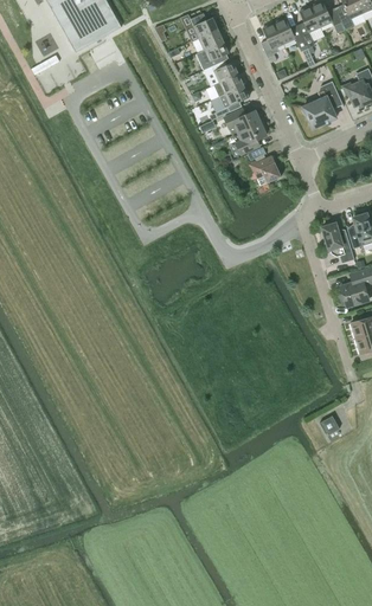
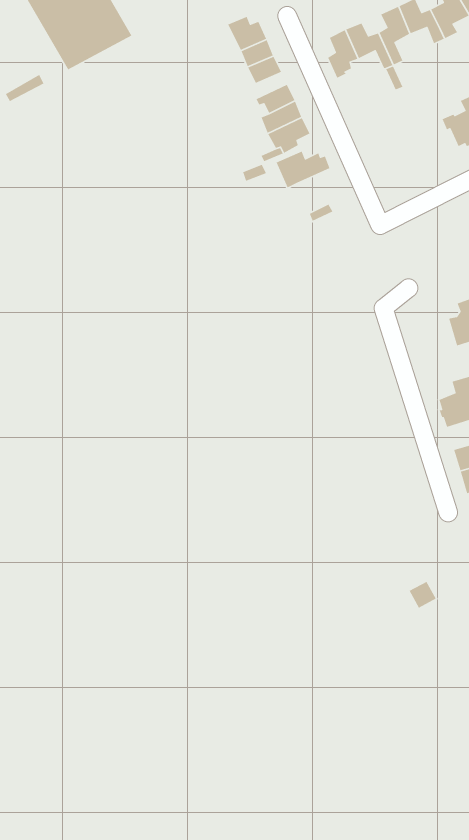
building: [302,80,342,128] -> none
building: [236,122,268,154] -> none
building: [249,155,281,185] -> none
building: [322,223,354,263] -> none

